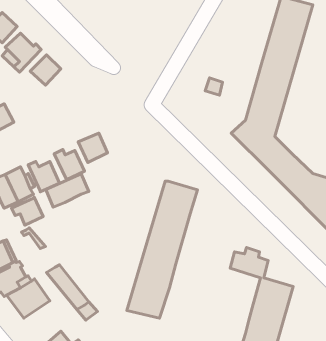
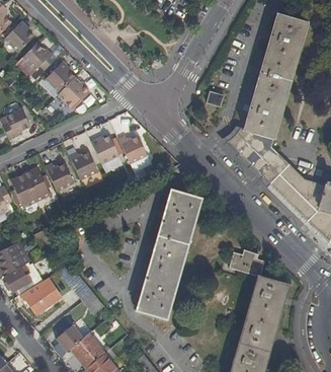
building: none -> [56,81,87,113]
building: none -> [114,140,145,168]
building: [46,174,89,207] -> none
building: [11,197,43,225] -> none

